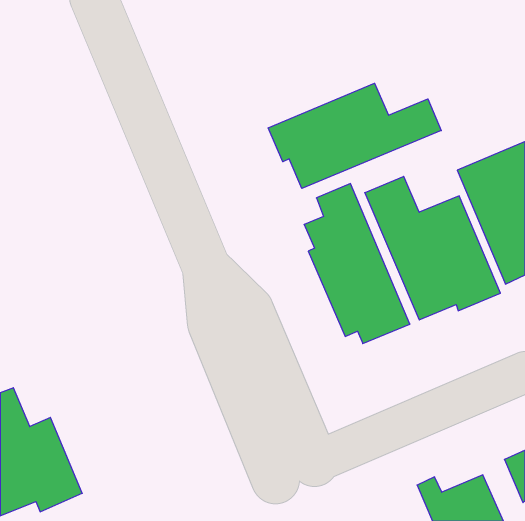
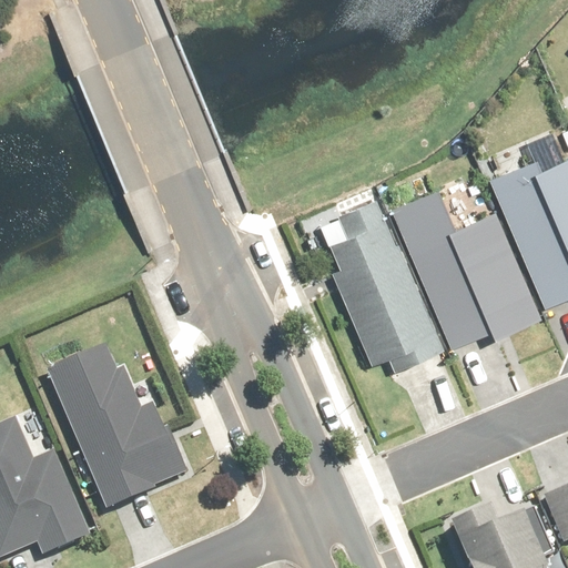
building: [268,83,441,188] -> none
building: none -> [49,345,185,508]

